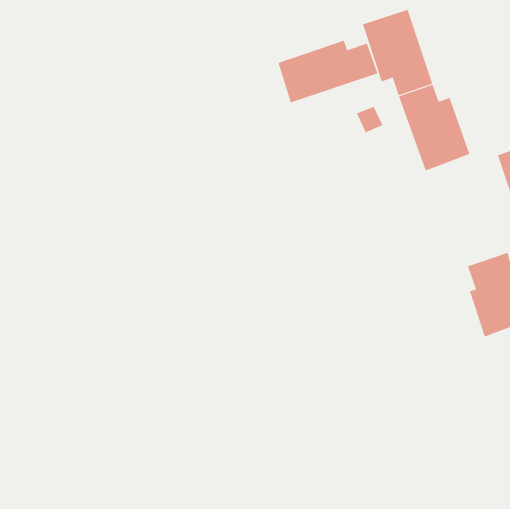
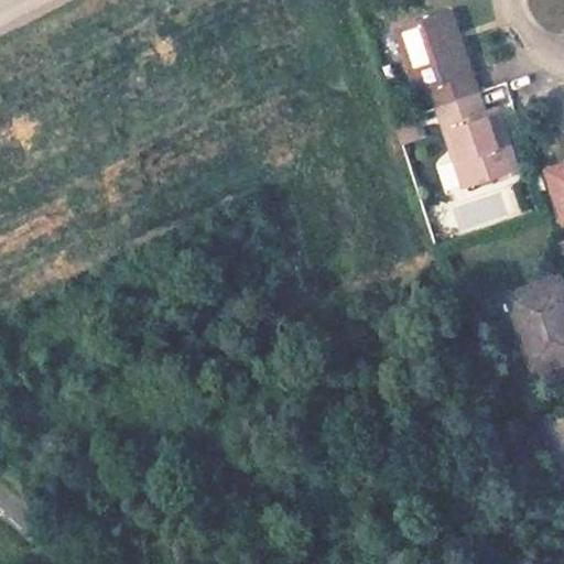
building: [278,40,378,103] -> none

